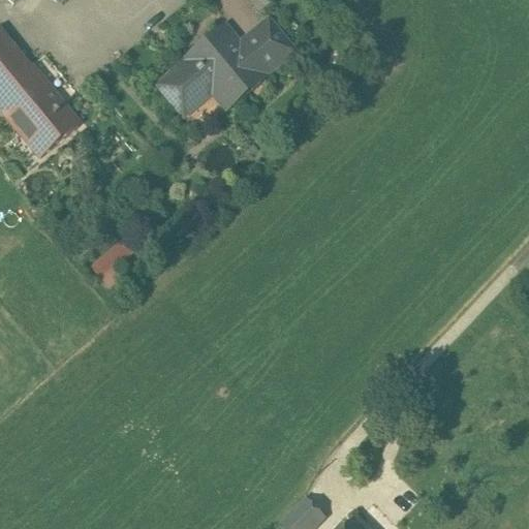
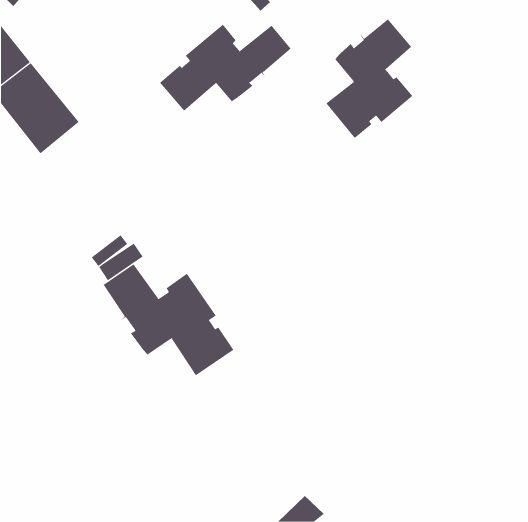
building: none -> [325,19,413,139]
building: none -> [103,263,234,376]

